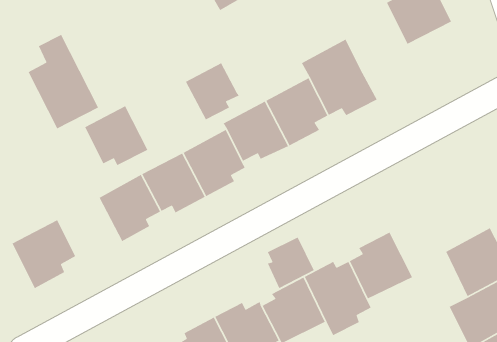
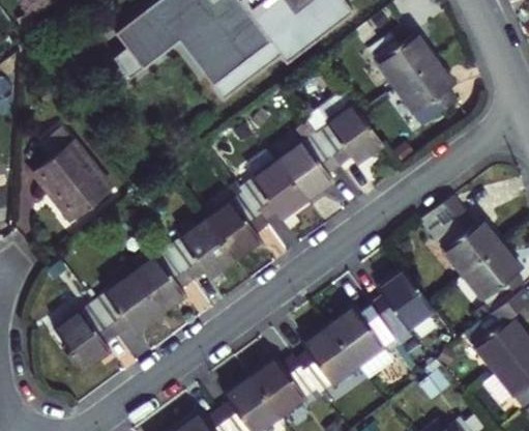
building: none -> [399,64,459,132]
building: [185,62,240,120] -> none
building: [84,105,149,166] -> [90,278,154,337]
building: none -> [419,199,501,283]
building: [267,237,315,289] -> none

